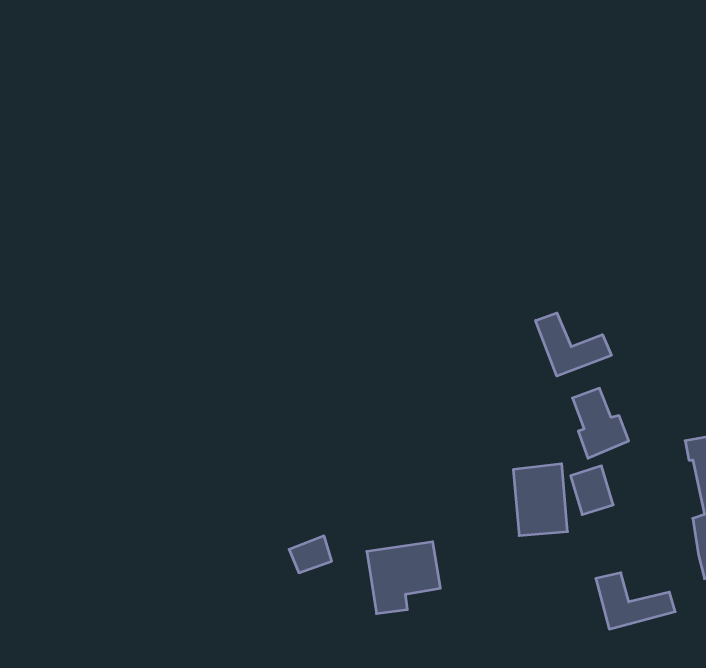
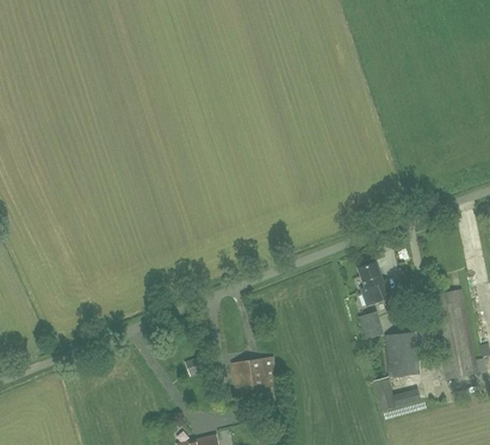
building: [536,313,611,376] -> none
building: [513,464,568,536] -> [384,332,417,376]

